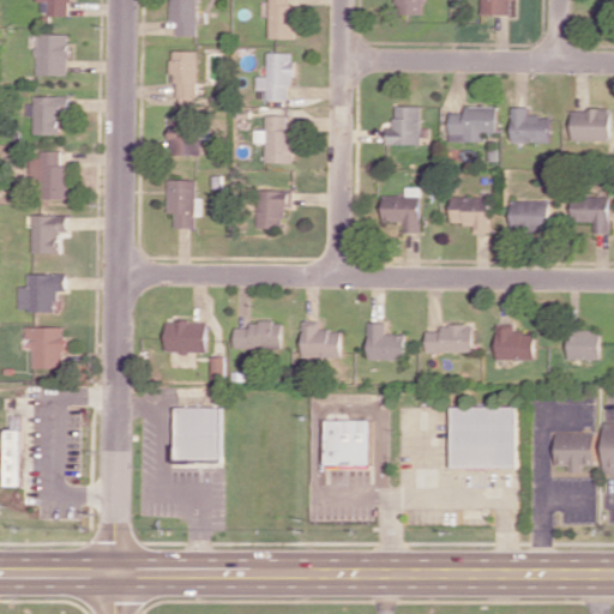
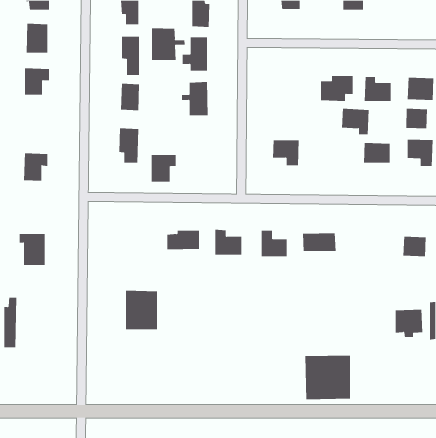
building: none -> [152,28,185,61]
building: [385,107,419,145] -> none
building: [29,151,68,200] -> none
building: none -> [406,108,427,129]
building: [255,191,291,229] -> [151,155,177,182]
building: [447,195,487,233] -> [341,108,369,135]
building: [19,273,66,312] -> none
building: [164,321,205,354] -> none
building: [492,325,530,360] -> none
building: [449,407,513,469] -> [304,355,351,400]
building: [323,420,369,466] -> none

